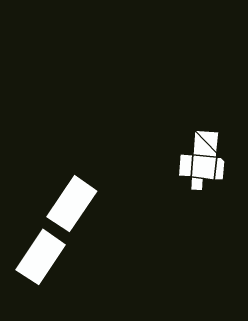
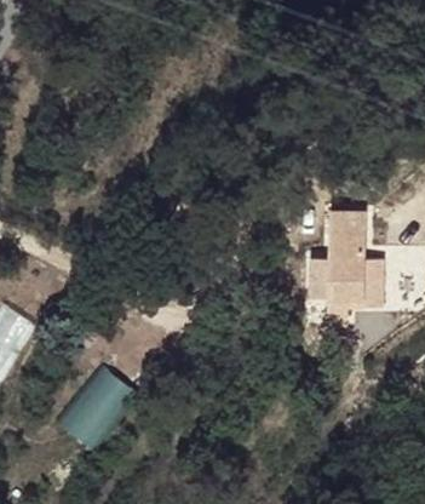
building: [45,173,99,234] -> none

